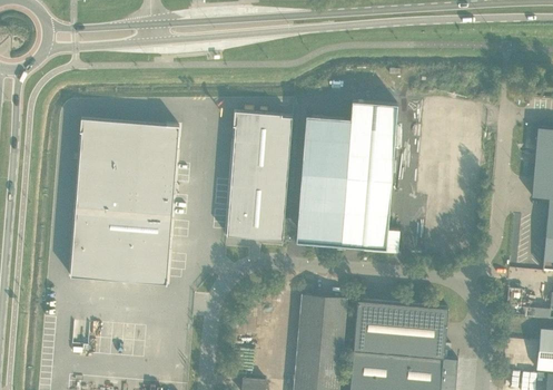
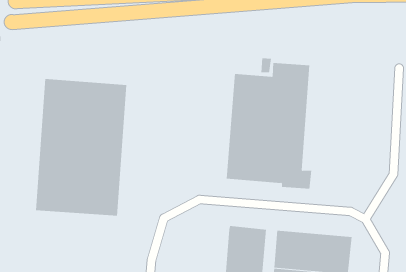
building: [226,114,292,241] -> none

